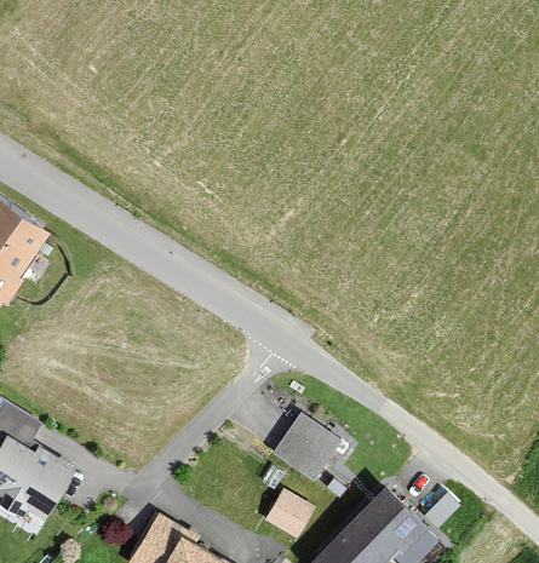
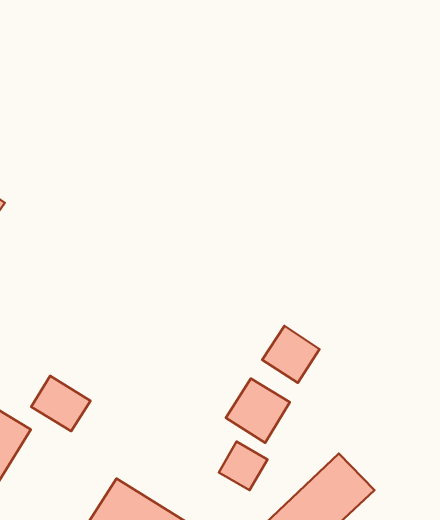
building: none -> [262,326,319,383]
building: none -> [31,376,91,431]

